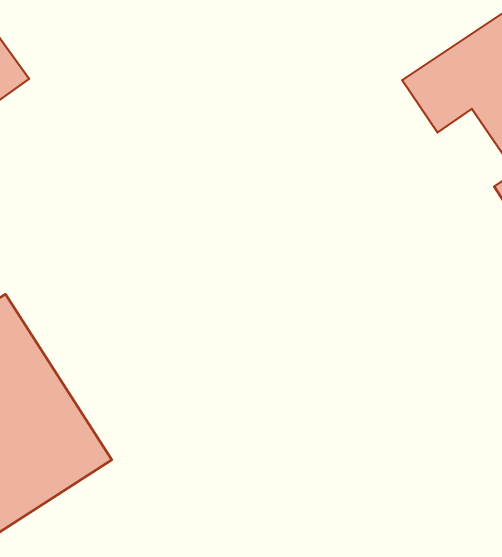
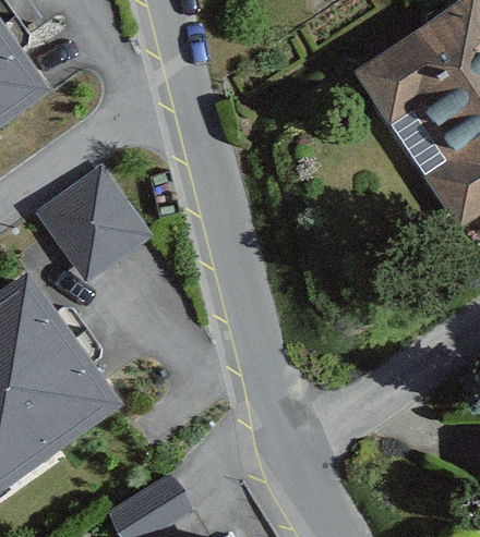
building: none -> [36,167,153,284]

